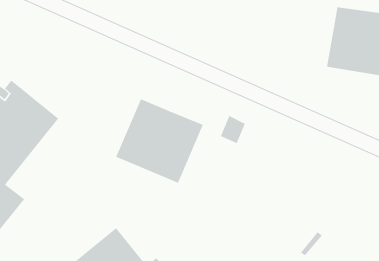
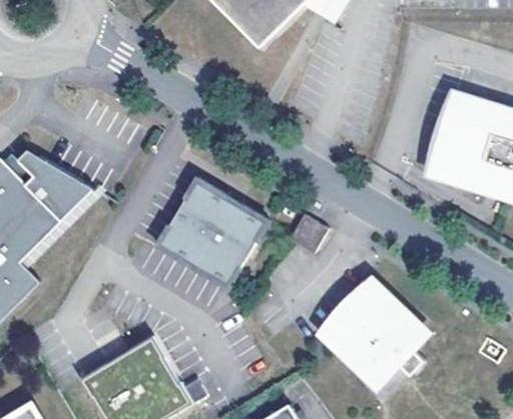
building: none -> [323,281,426,384]

